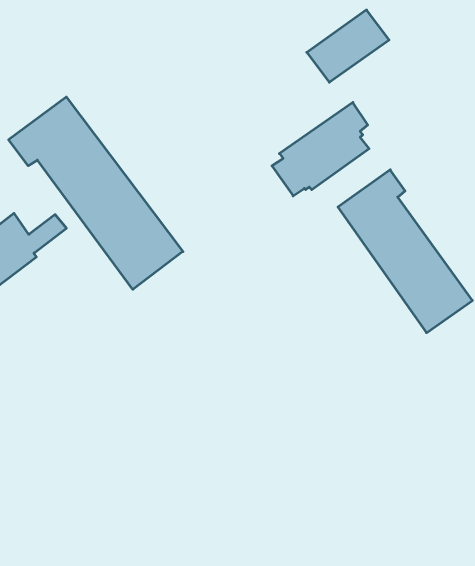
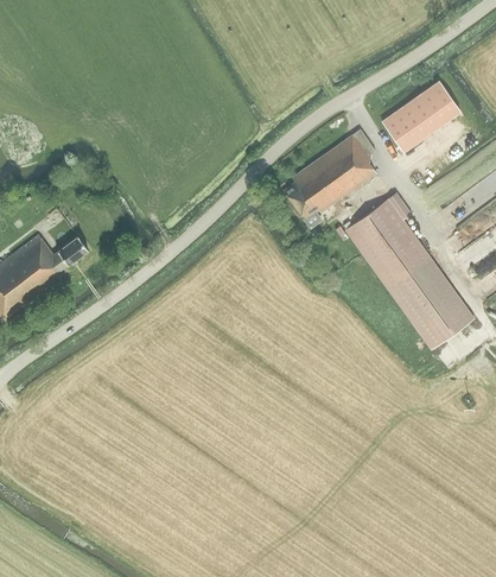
building: [307,10,389,82] -> [381,82,459,151]
building: [9,97,183,289] -> none

